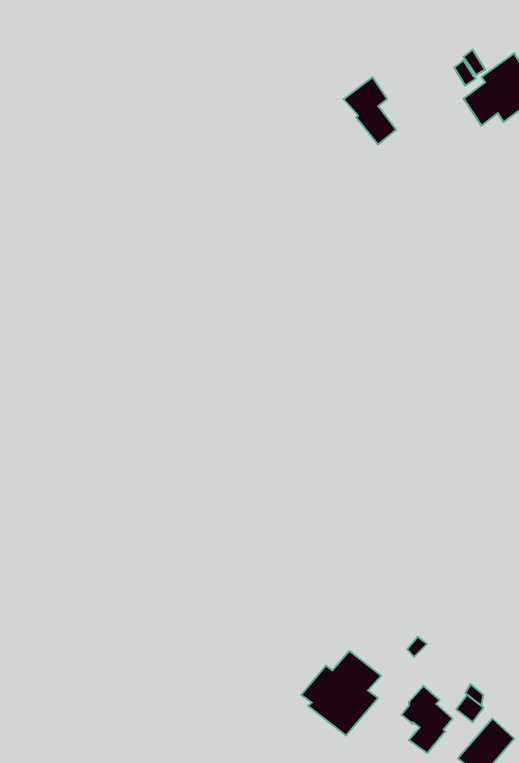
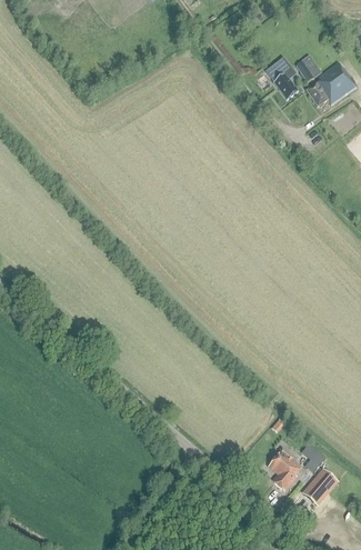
building: [343,77,396,144] -> [265,58,298,99]
building: [301,651,381,736] -> none

